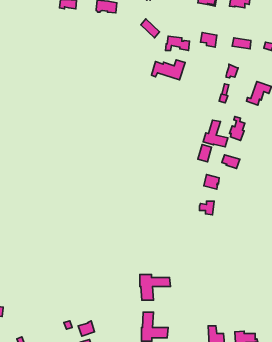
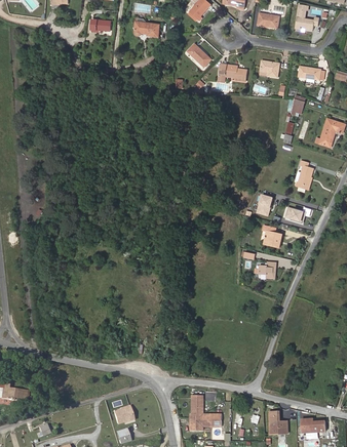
building: [152,60,185,80] -> none
building: [203,120,228,147] -> none
building: [140,275,170,300] -> none

